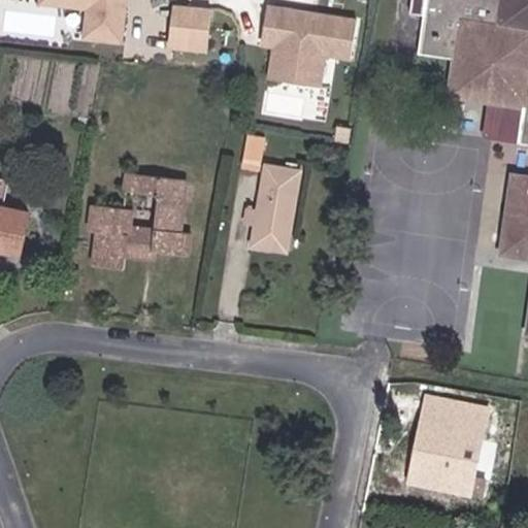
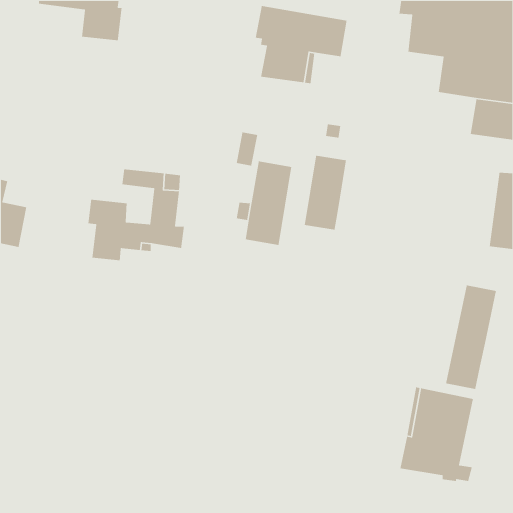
building: [170,5,208,51] -> none
building: none -> [304,155,347,230]
building: none -> [445,284,497,390]

